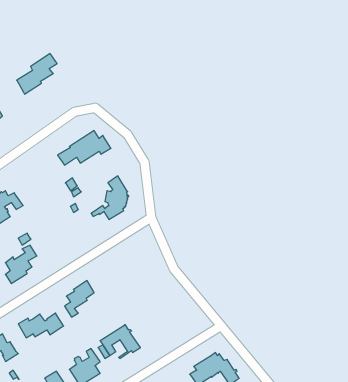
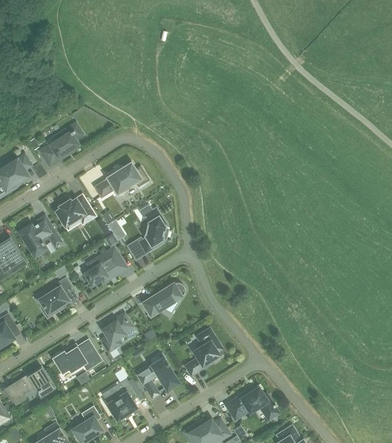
building: [17,54,57,94] -> [41,124,82,165]
building: none -> [56,199,94,229]
building: none -> [85,248,121,285]
building: none -> [142,282,185,316]
building: none -> [186,330,221,374]

